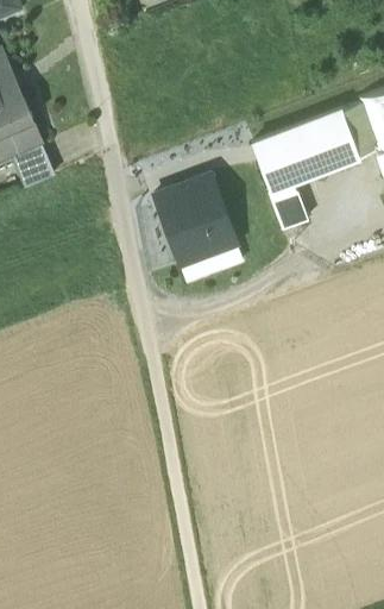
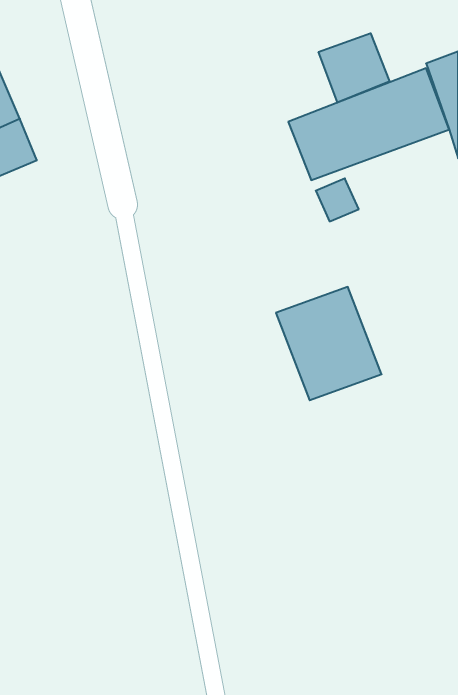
building: none -> [319,33,390,103]
building: [153,176,235,264] -> [276,287,382,400]

